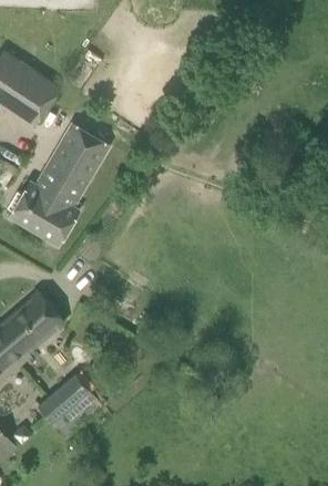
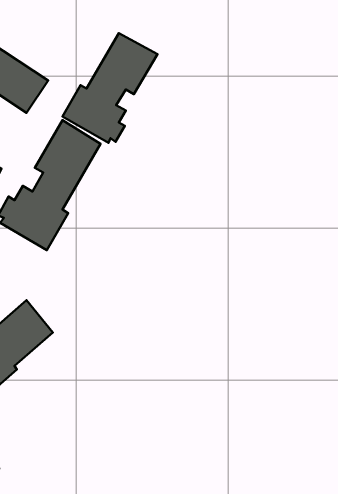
building: none -> [62,33,157,143]
building: [37,374,101,436] -> none

